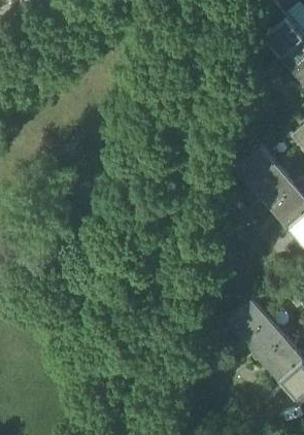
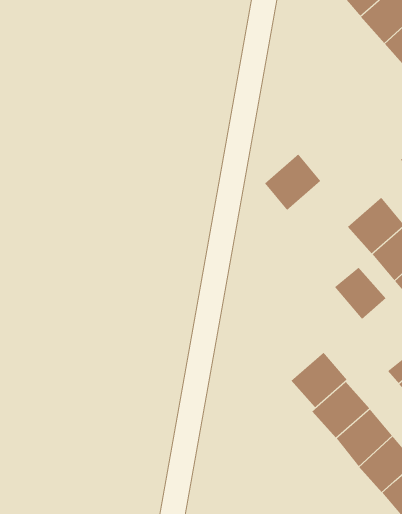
building: [237,145,278,187] -> [264,154,321,211]
building: none -> [334,267,386,320]
building: none -> [290,352,347,409]

